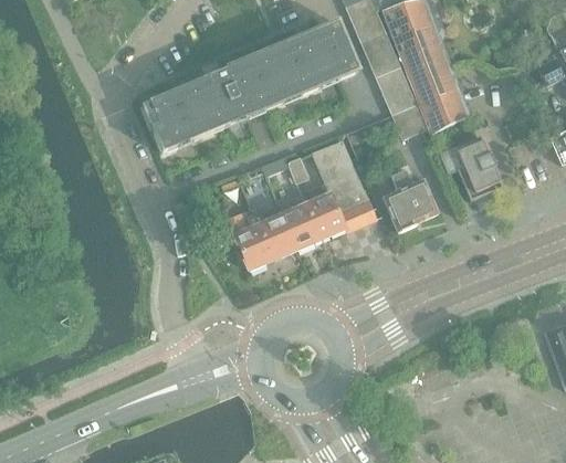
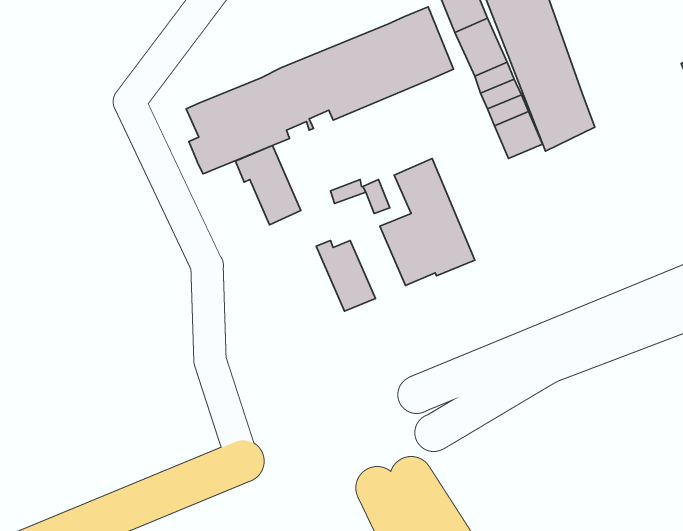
building: [440,134,502,199] -> none
building: [384,167,439,231] -> none
building: [279,191,322,248] -> none
building: [223,207,274,269] -> [236,145,301,225]

